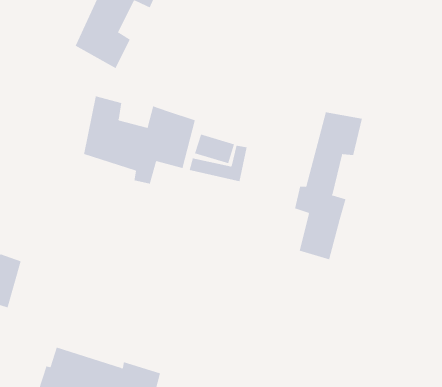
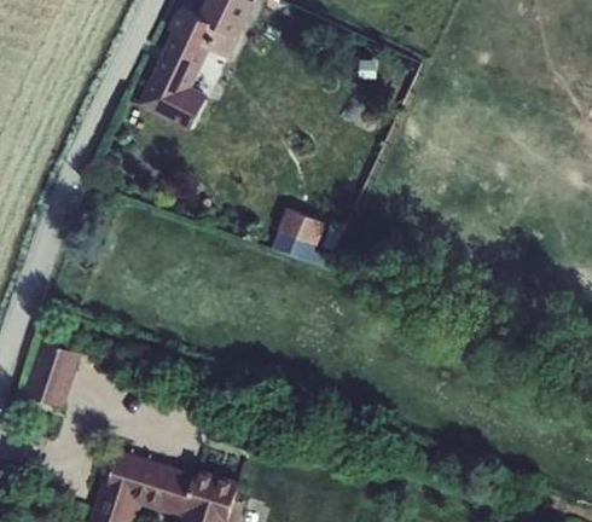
building: [83,96,195,184] -> none
building: [295,111,362,260] -> none

